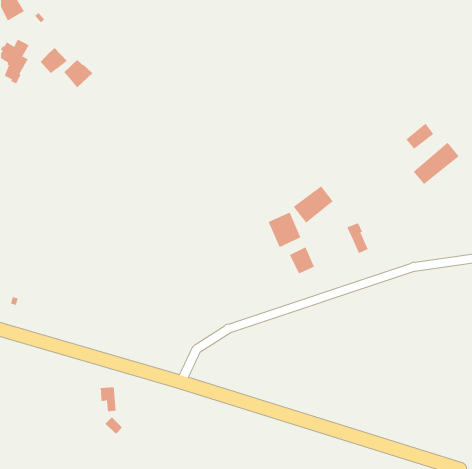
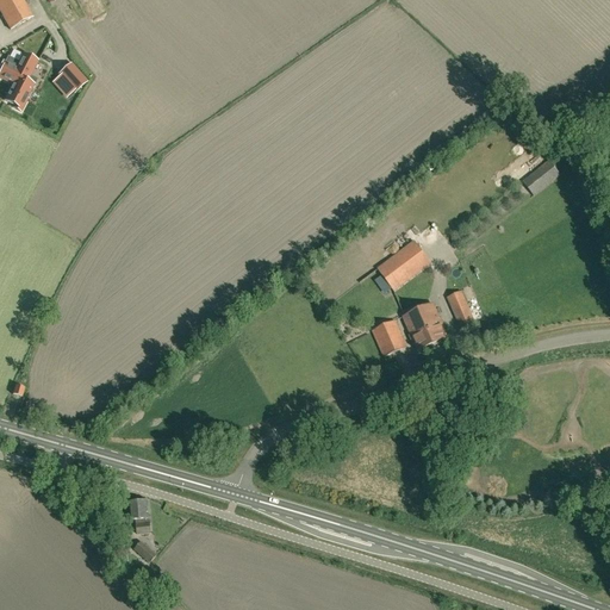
building: [64,59,93,88] -> none
building: [413,142,459,185] -> none
building: [268,212,301,248] -> [404,301,447,348]

